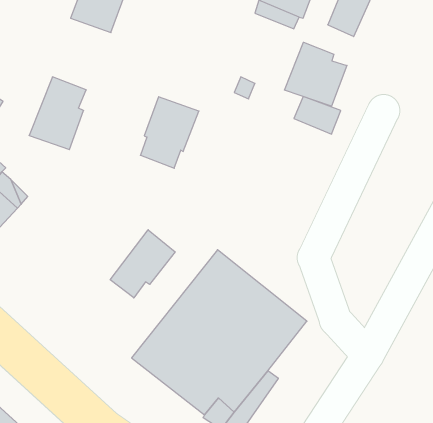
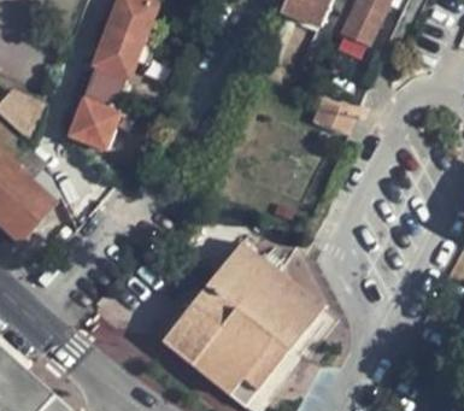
building: [284,42,347,106] -> none
building: [140,97,199,168] -> [89,27,143,93]
building: [110,230,175,298] -> none

